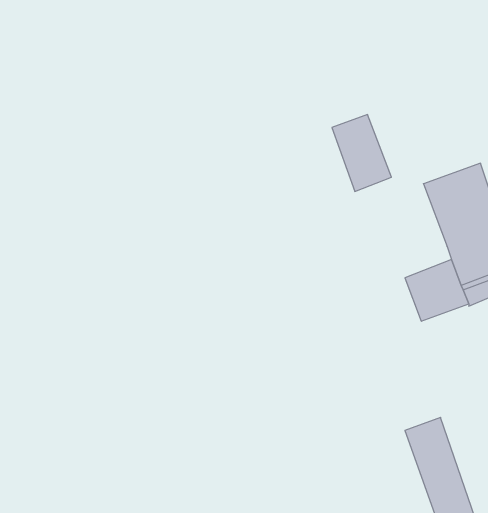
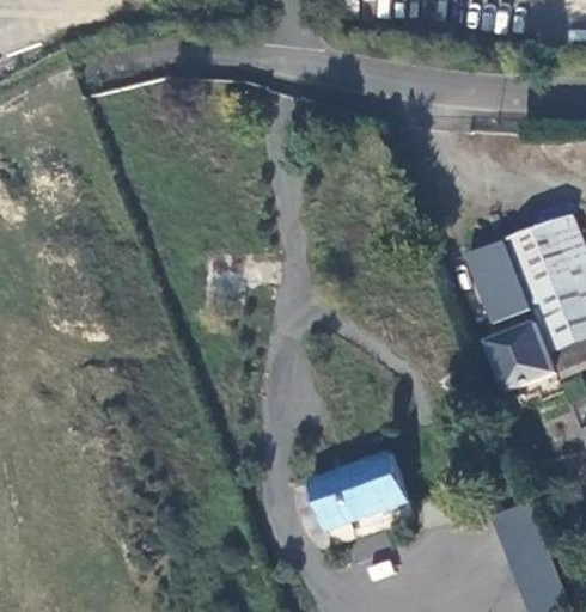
building: [332,115,391,191] -> [470,238,536,323]
building: none -> [307,449,411,532]

